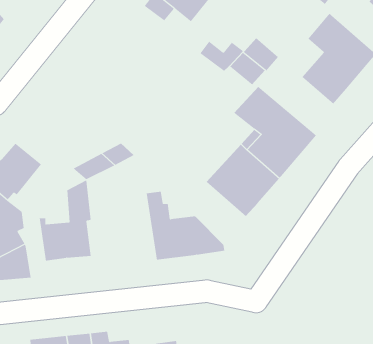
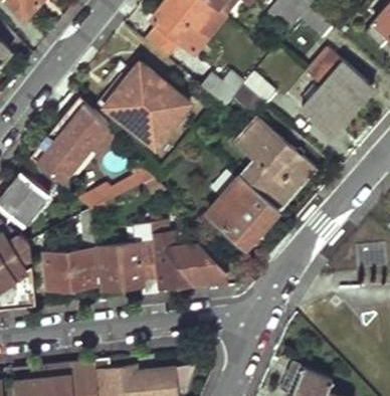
building: none -> [100,63,189,148]
building: none -> [30,111,100,183]
building: none -> [100,224,160,296]

